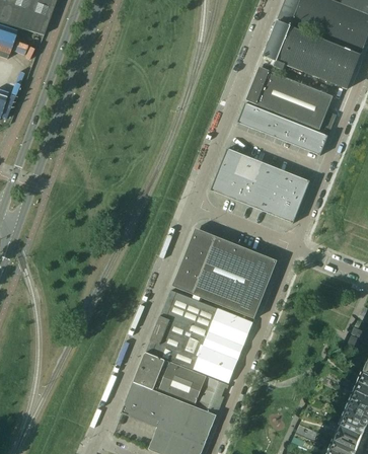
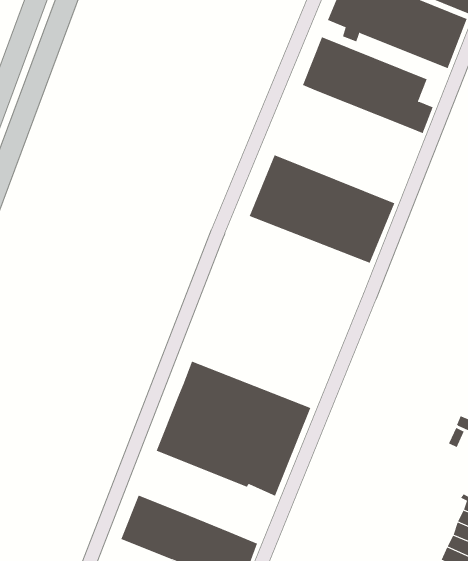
building: [237,102,327,154] -> none
building: [172,227,278,318] -> none
building: [134,351,228,414] -> none

